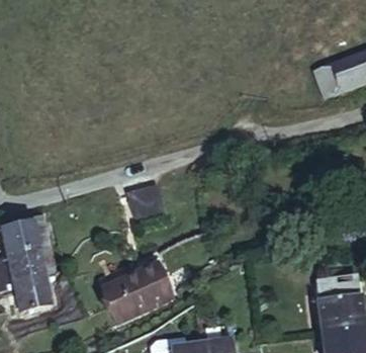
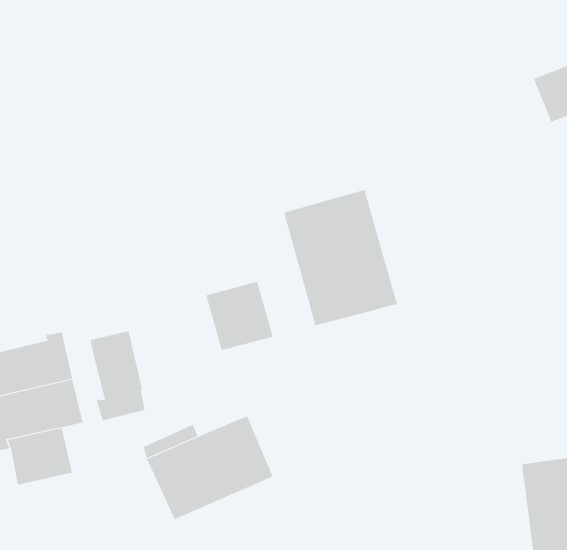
building: none -> [284,189,397,326]
building: none -> [90,331,145,421]

